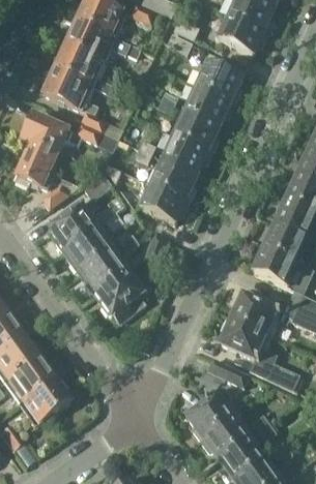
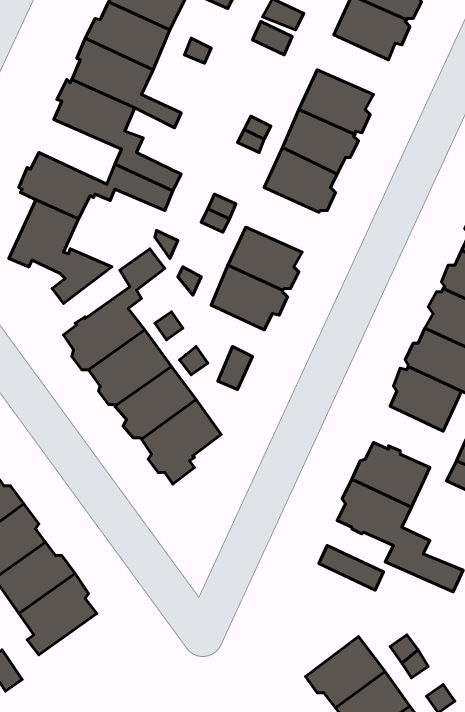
building: [163,134,210,175] -> none
building: [186,384,240,440] -> none

